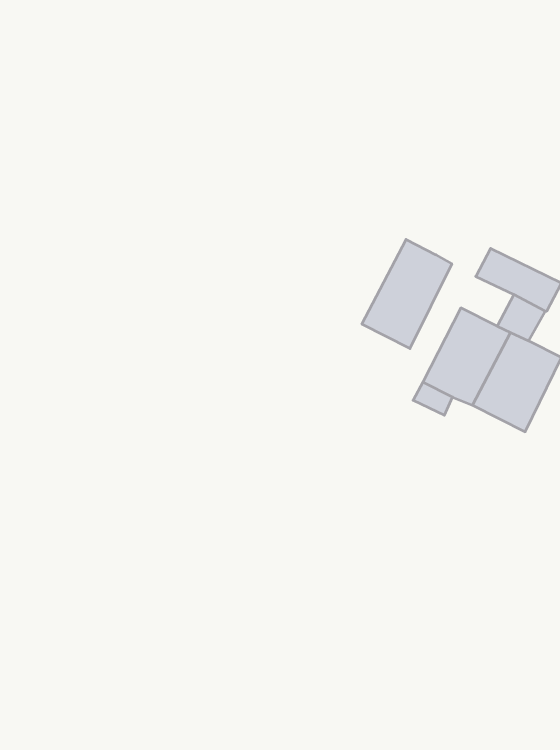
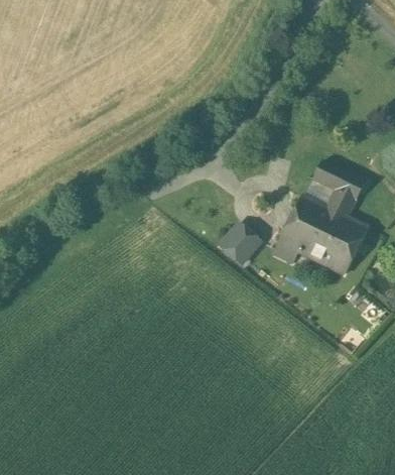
building: [362,239,452,349] -> none
building: none -> [220,226,260,268]

